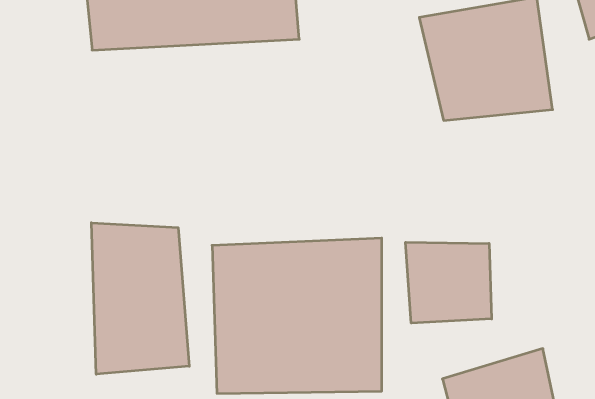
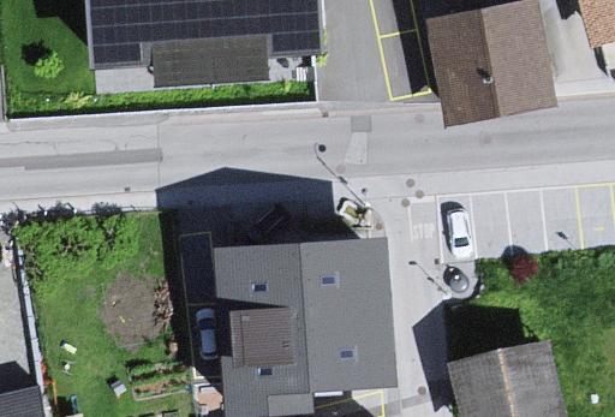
building: [91,223,189,374] -> none
building: [406,242,492,323] -> none

